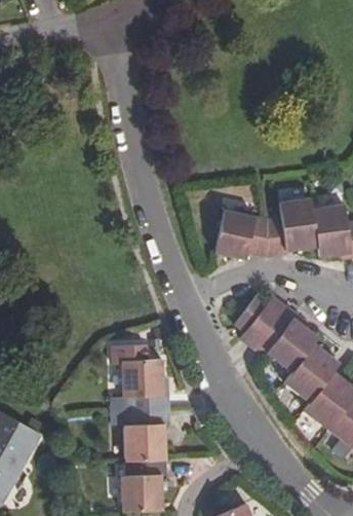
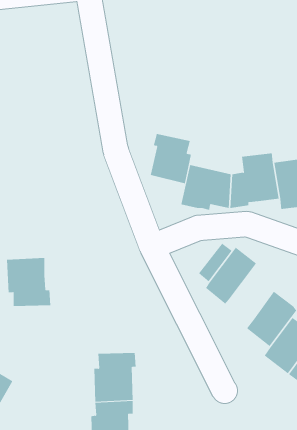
building: none -> [150,133,192,184]
building: [267,318,317,372] -> none
building: [121,357,168,408] -> [6,257,51,306]

